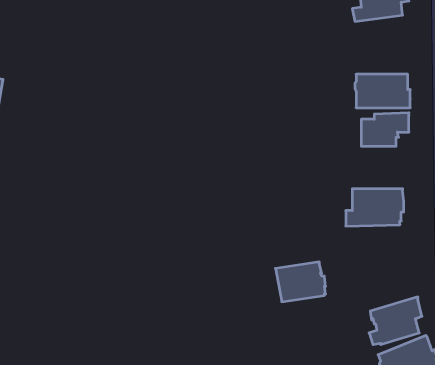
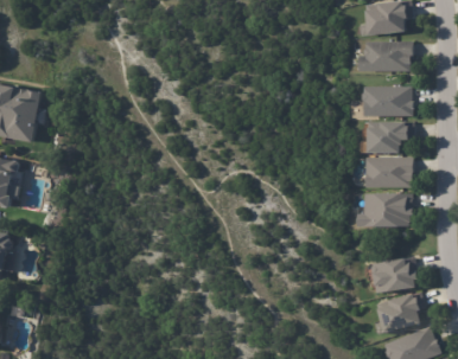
building: none -> [362,43,415,72]
building: none -> [363,156,409,186]
building: [275,262,326,302] -> [369,255,415,291]

